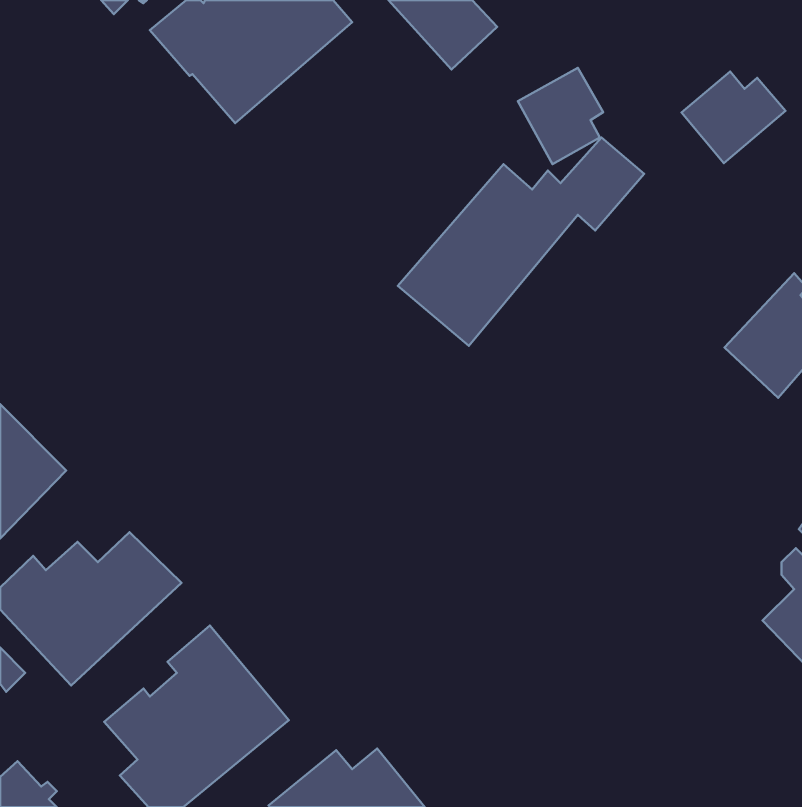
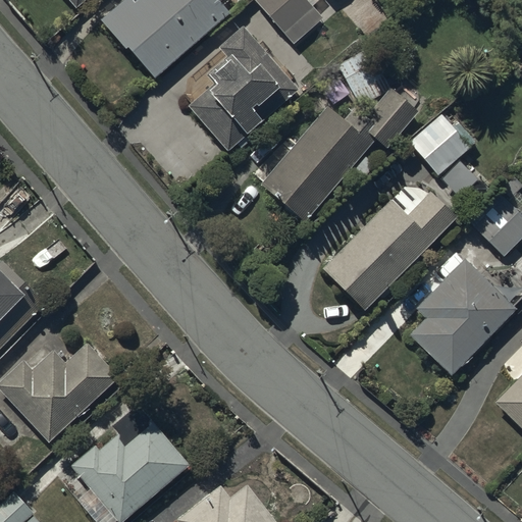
building: none -> [188,27,299,147]
building: [681,71,786,163] -> [410,115,477,174]
building: none -> [322,187,455,310]
building: none -> [409,259,516,376]

